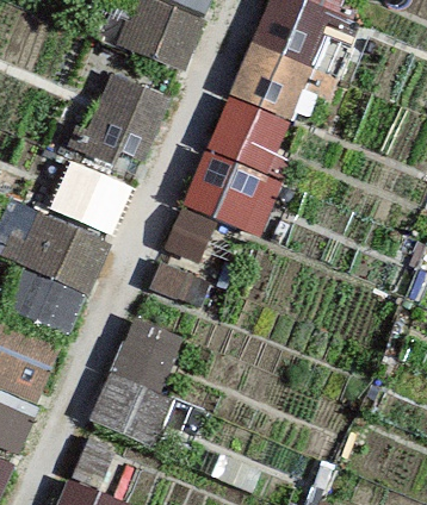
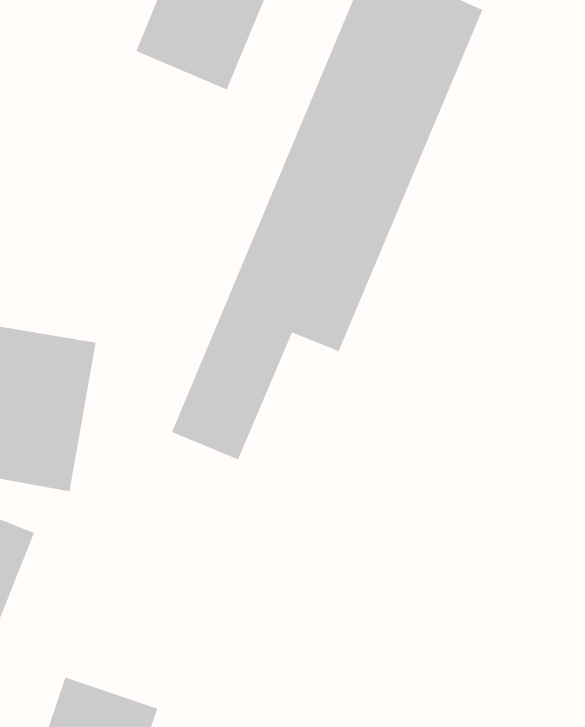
building: [58,69,159,238] -> none
building: [89,318,188,442] -> none

